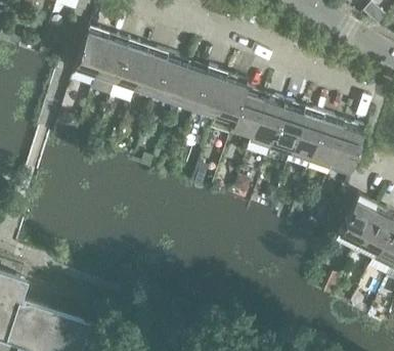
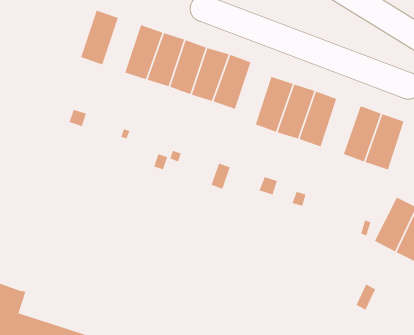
building: [89,36,128,99] -> none
building: [213,76,247,132] -> none
building: [290,108,324,159] -> none

